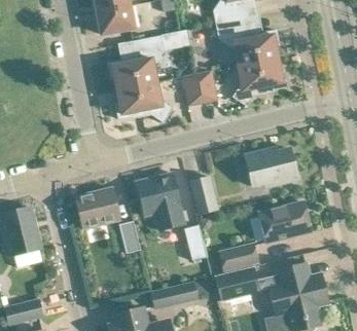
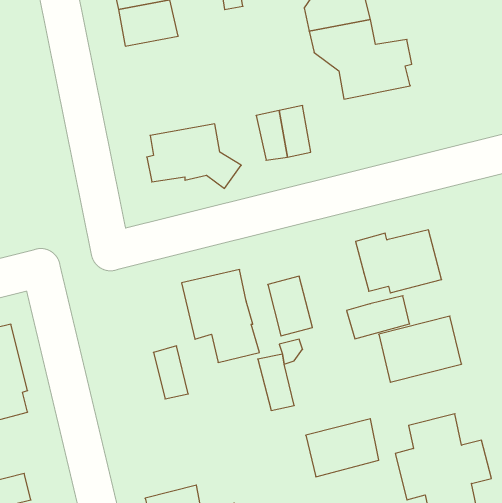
building: [107,35,165,89] -> none
building: [233,59,288,106] -> none
building: [76,188,119,228] -> none
building: [219,244,258,270] -> [347,296,410,339]
building: [151,280,207,308] -> none

